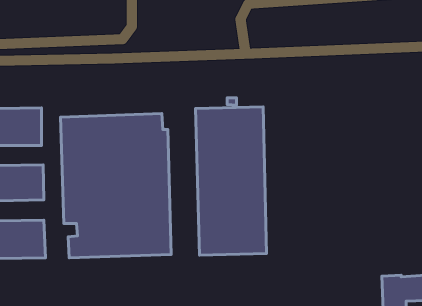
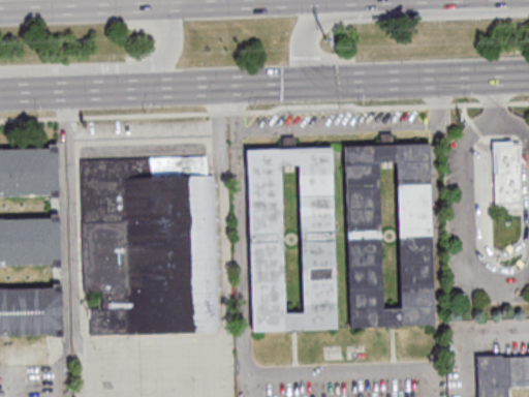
building: none -> [492,142,523,208]
building: none -> [346,145,434,326]

